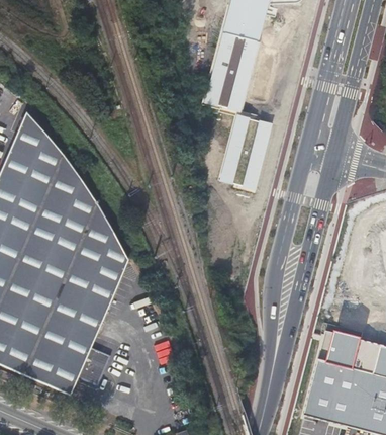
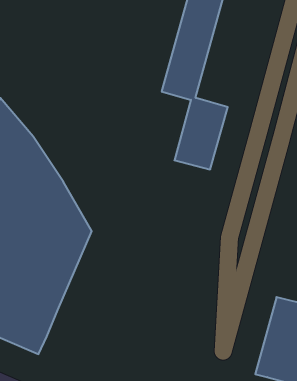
building: [77,346,109,383] -> none

